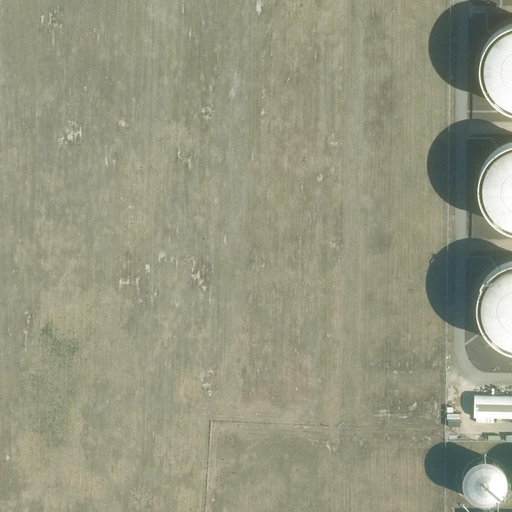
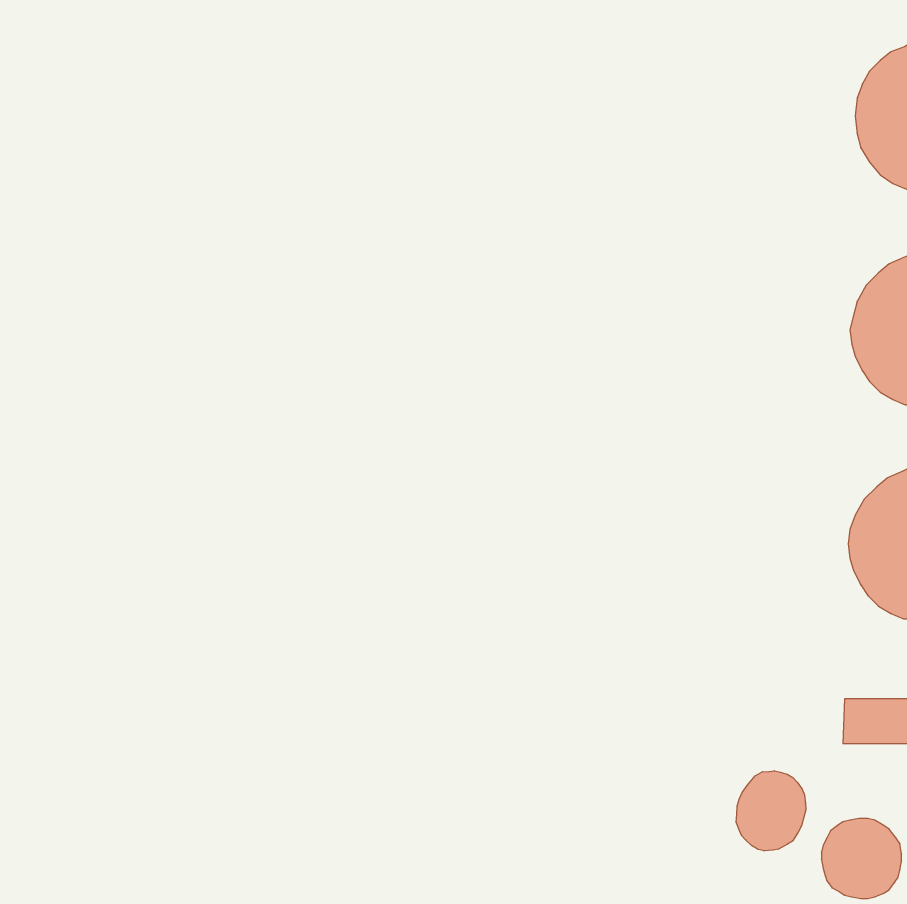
building: none -> [736,771,806,851]

